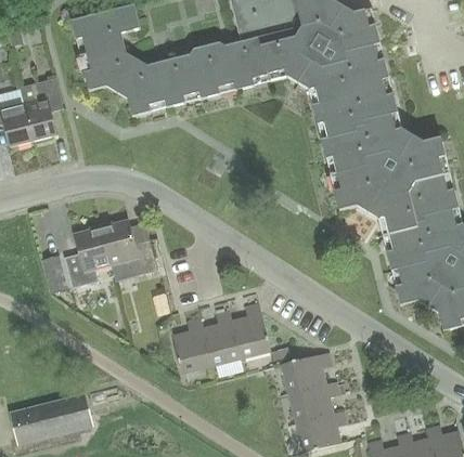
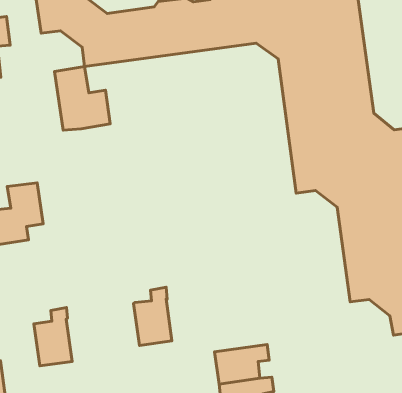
building: [101,219,157,279] -> [55,67,110,130]
building: [231,302,270,357] -> none
building: [172,316,211,373] -> [34,308,72,366]

